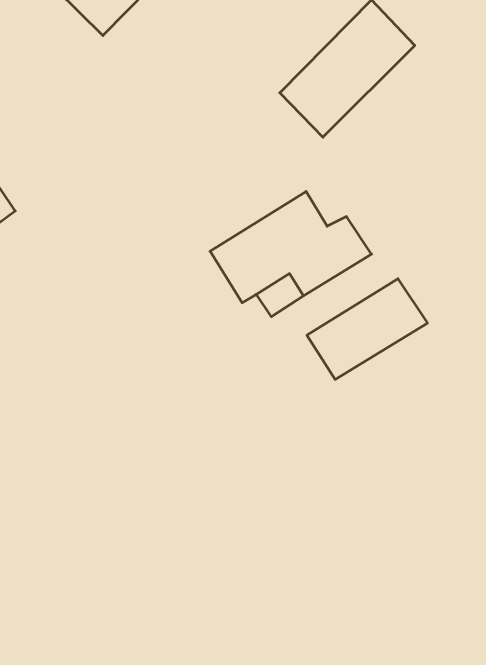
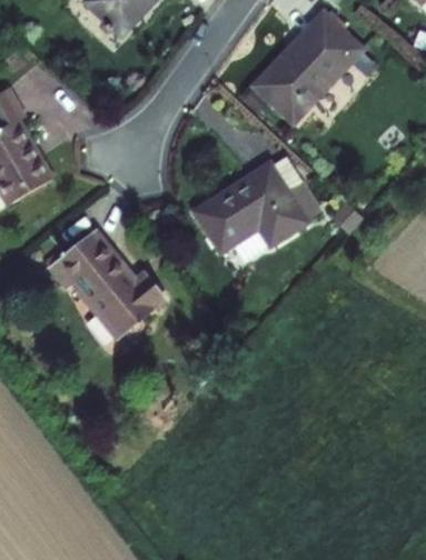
building: [307,279,427,379] -> none
building: none -> [36,232,157,342]

